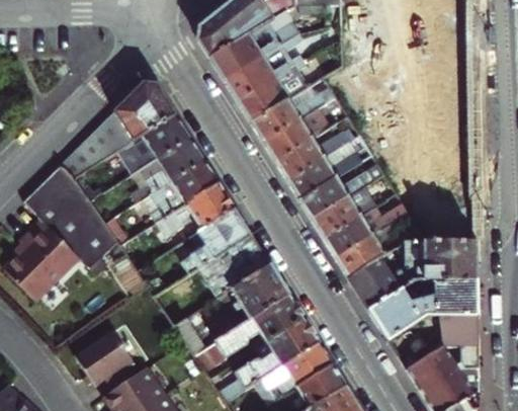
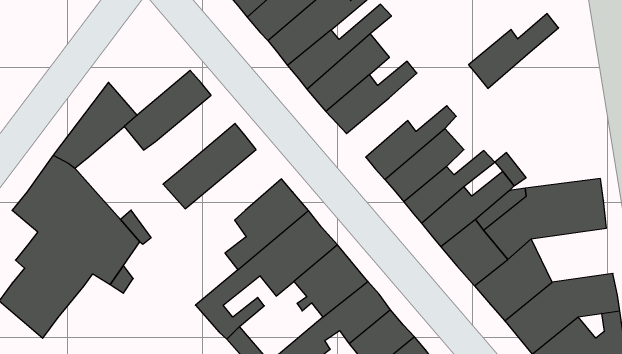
building: [113,80,177,142] -> none
building: [143,135,205,189] -> none
building: [289,149,362,199] -> [469,14,559,88]
building: [158,181,235,233] -> none
building: [419,280,478,316] -> none

